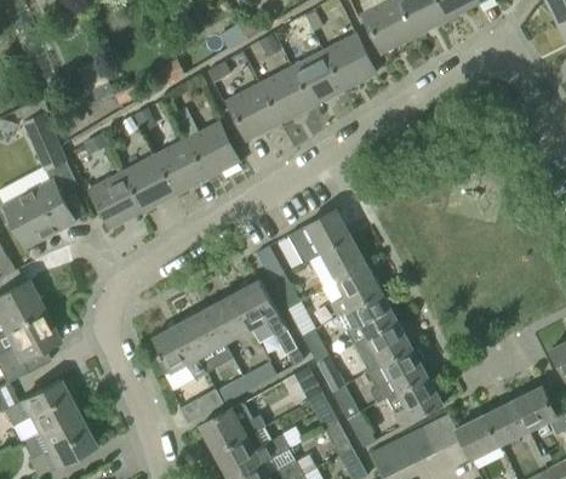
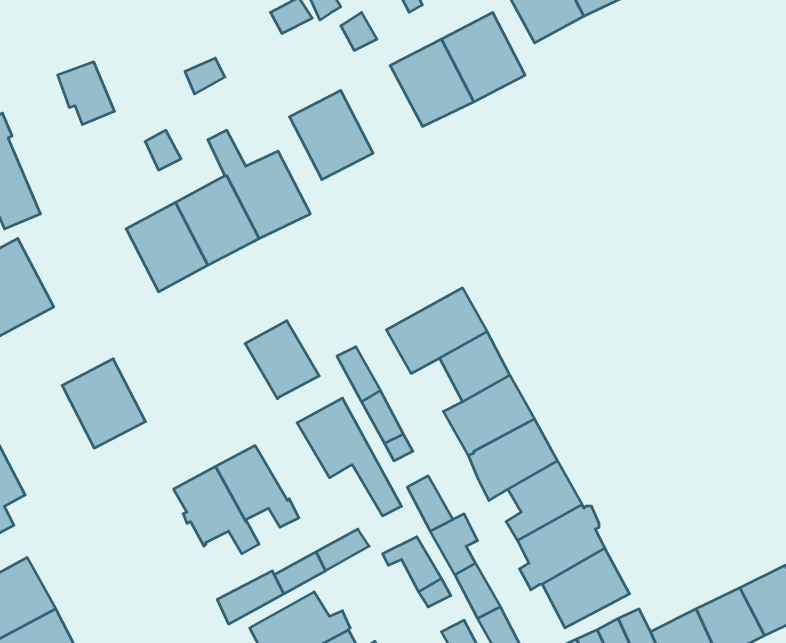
building: [258,67,310,122] -> none
building: [88,171,142,228] -> [62,359,146,448]
building: [204,295,251,344] -> [245,321,319,399]

